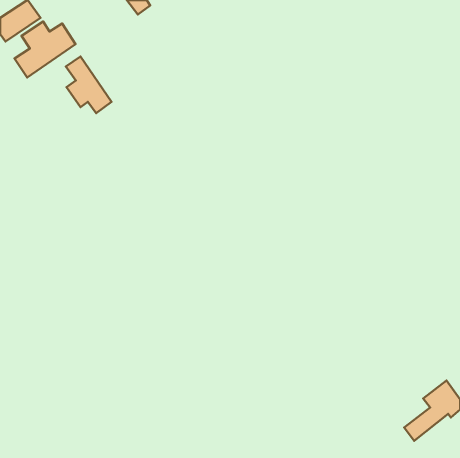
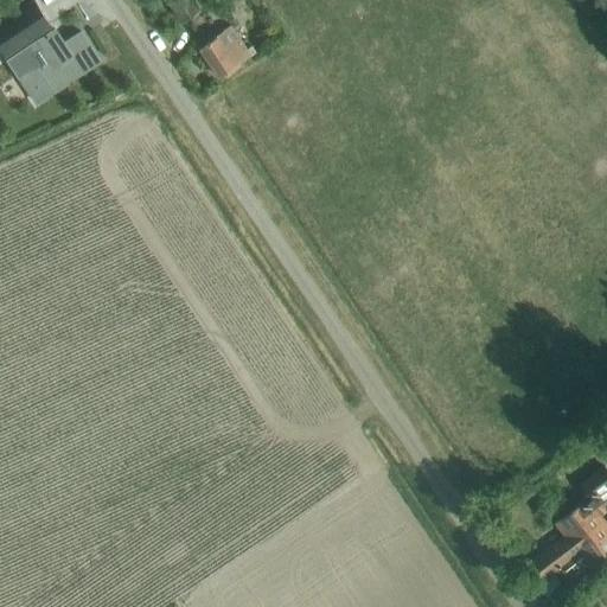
building: none -> [202,26,256,78]
building: [66,56,112,113] -> none

